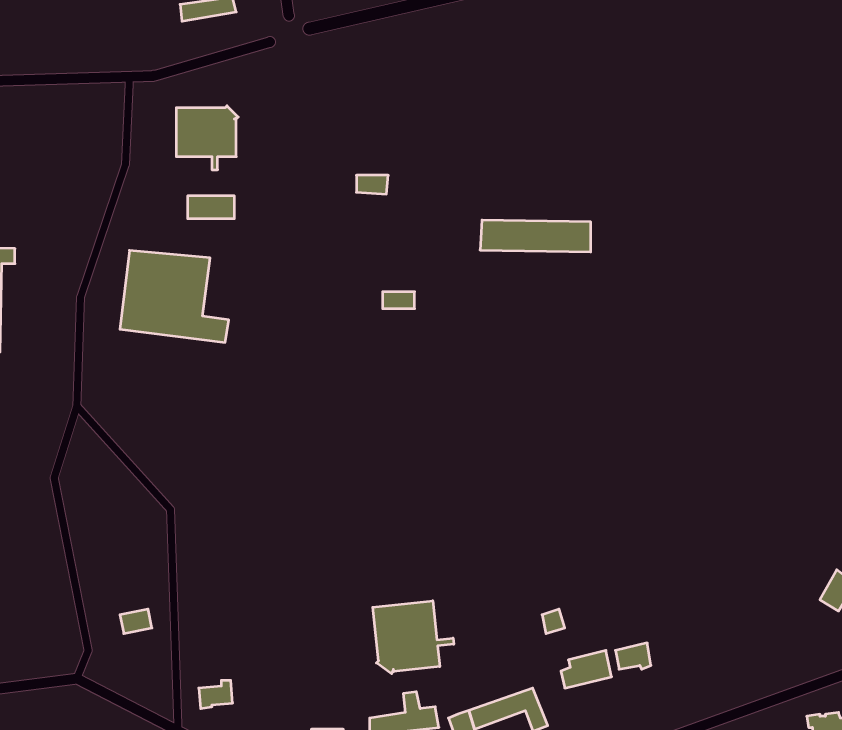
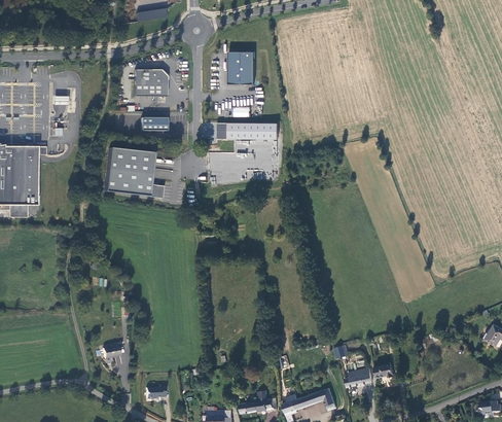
building: none -> [227,51,253,84]
building: [480,220,591,252] -> [215,121,276,139]
building: [373,601,454,674] -> none

